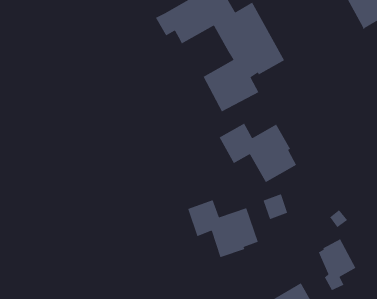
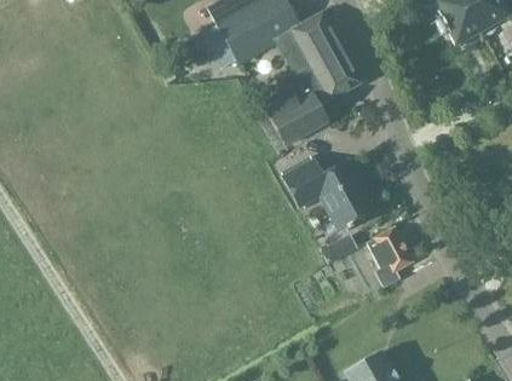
building: [187,199,259,258] -> none
building: [318,238,357,291] -> [369,225,416,289]

